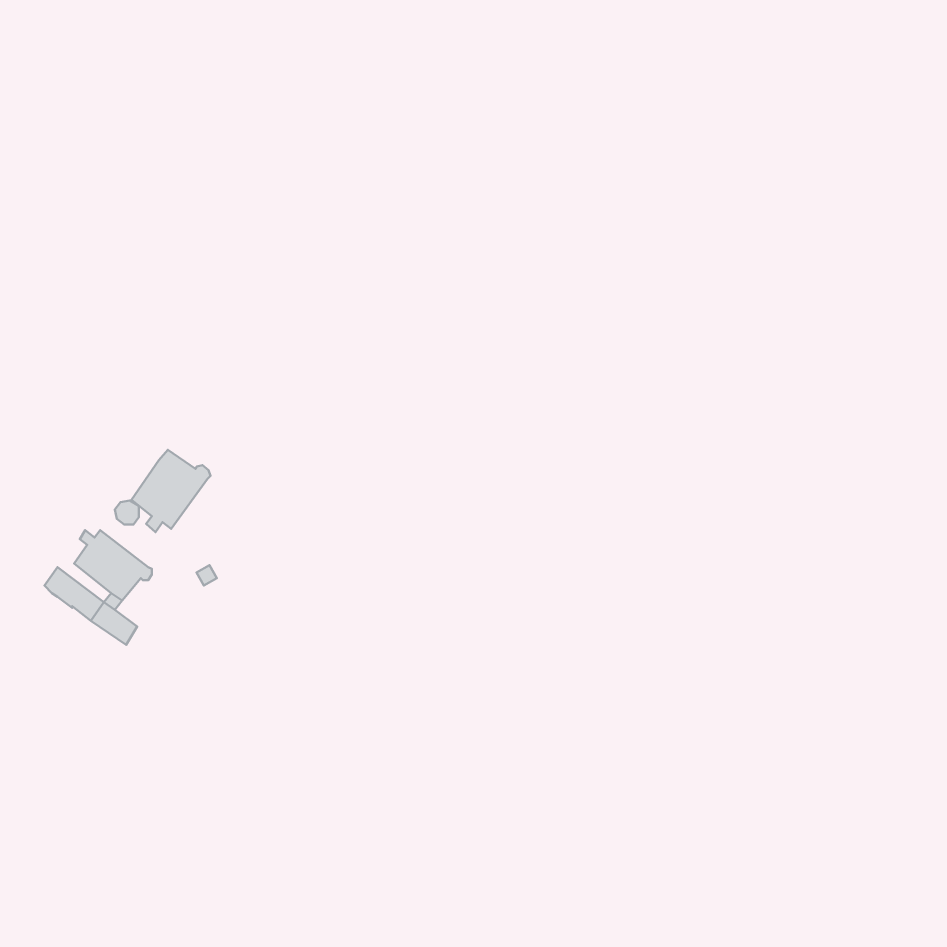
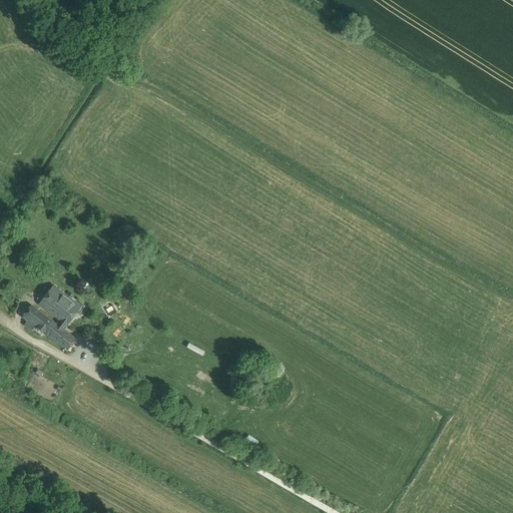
building: [131,450,211,532] -> none

